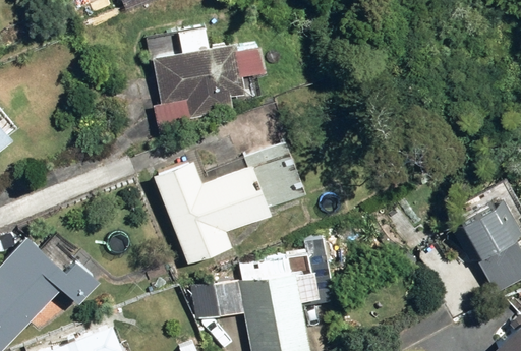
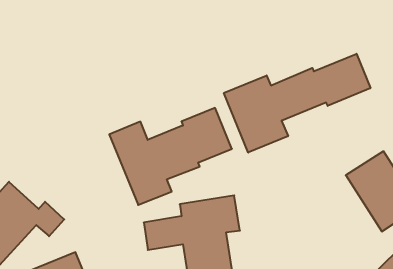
building: [147,25,266,138] -> none
building: none -> [224,54,370,153]

